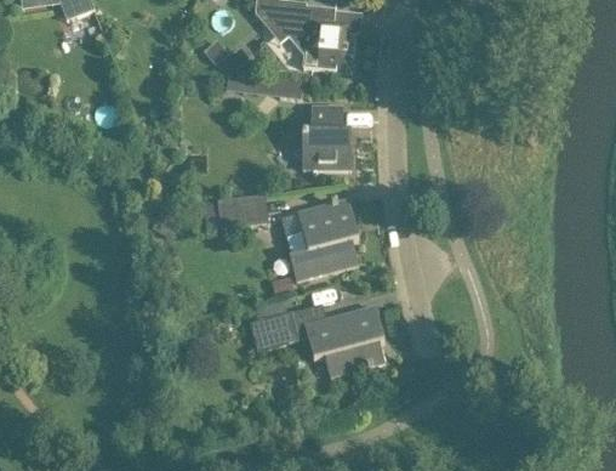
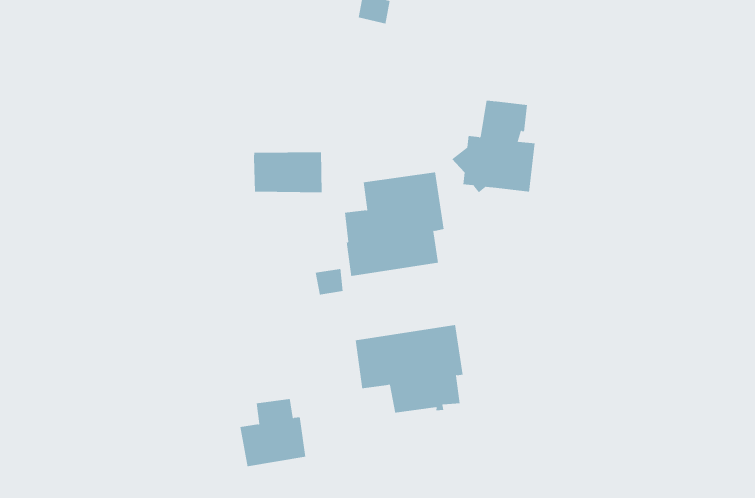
building: [292,106,350,172] -> [452,100,535,193]
building: [249,297,298,350] -> [240,399,306,467]

